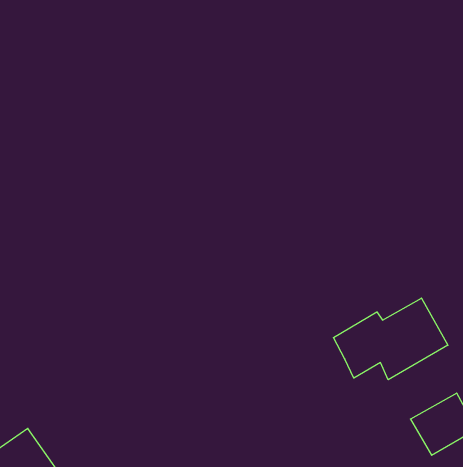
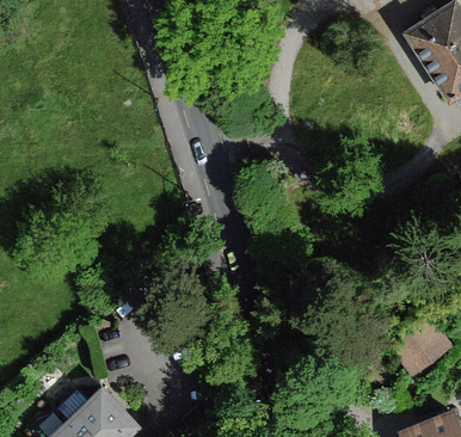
building: [333,298,448,380] -> none

